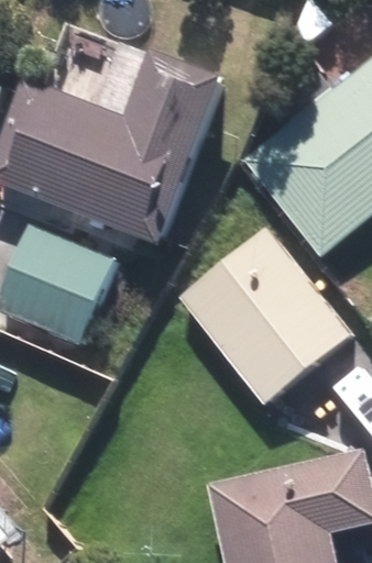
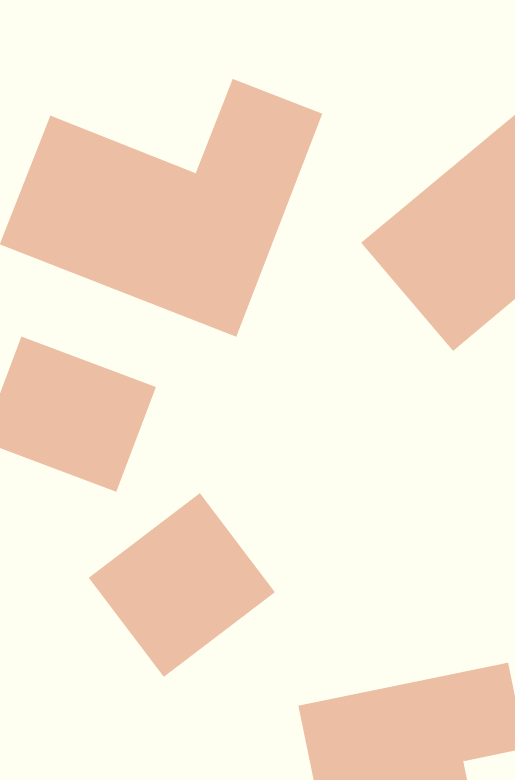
building: [179,233,341,399] -> none
building: none -> [88,492,276,678]

